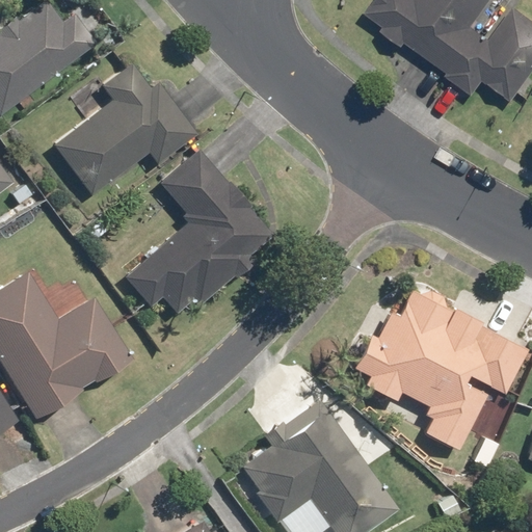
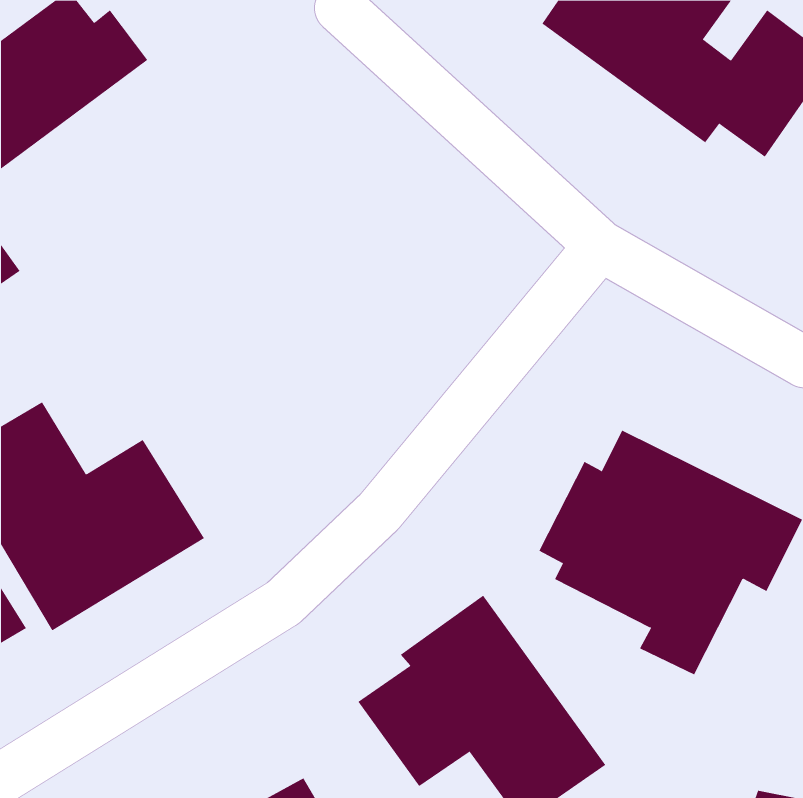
building: [52,62,198,195] -> none
building: [125,148,275,314] -> none

